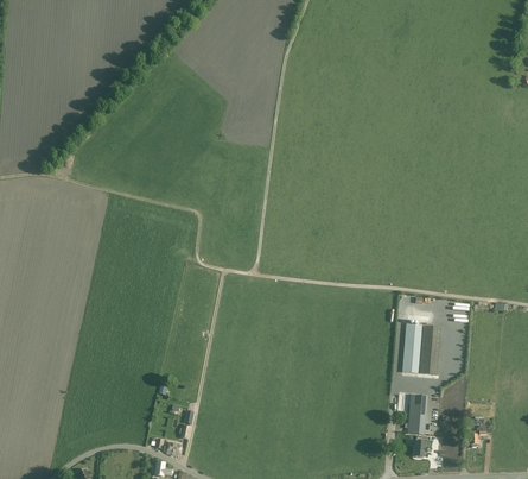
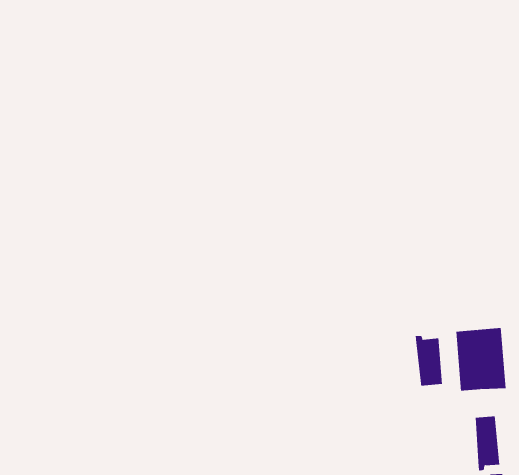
building: none -> [415,335,442,386]

